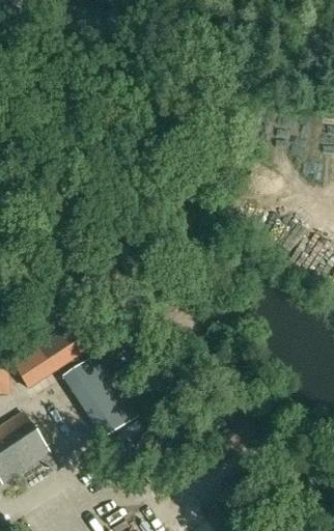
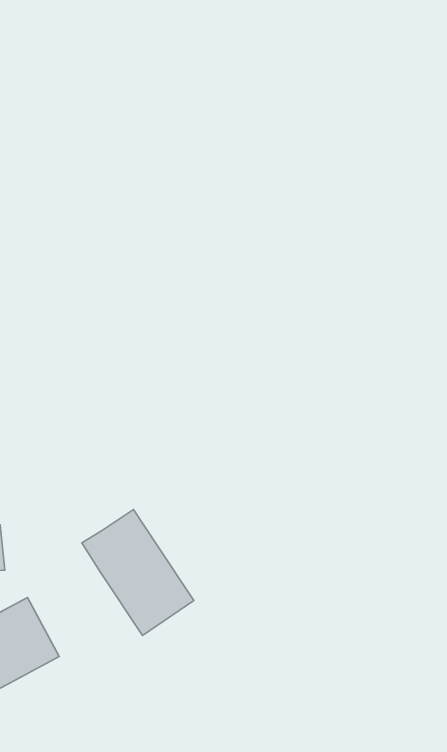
building: [12,320,98,388] -> none

